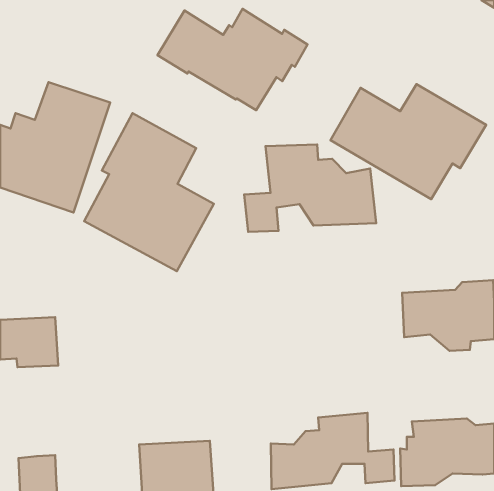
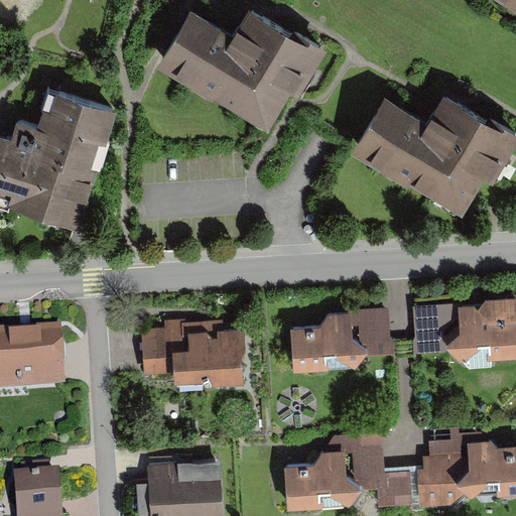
building: [84,113,214,271] -> none
building: [244,144,376,232] -> none
building: none -> [288,307,393,377]
building: none -> [145,332,244,383]

